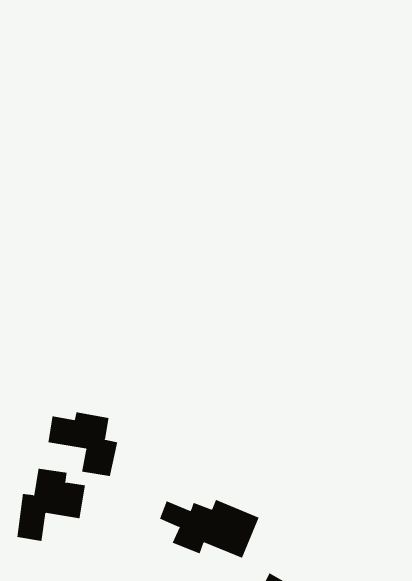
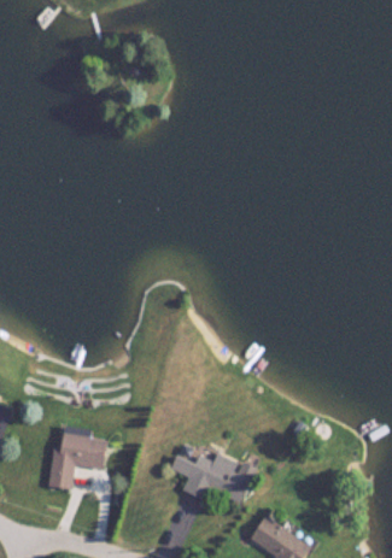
building: [48,411,118,477] -> none

